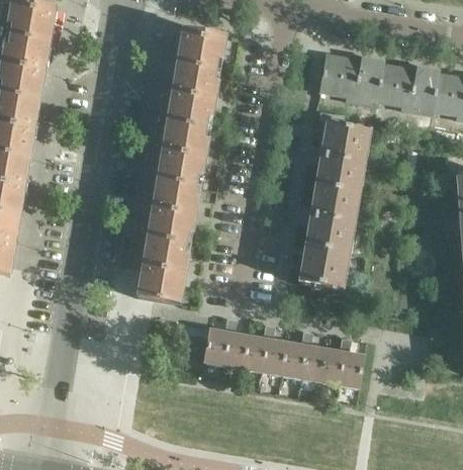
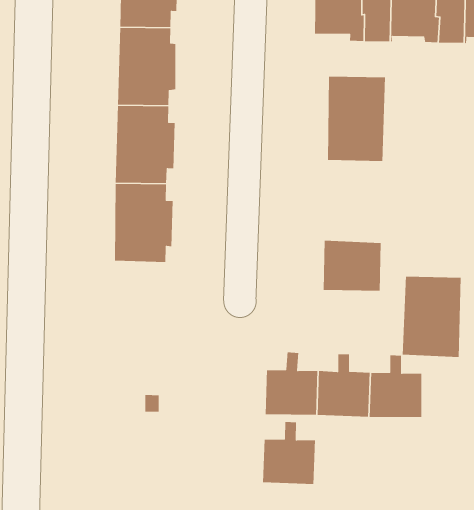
building: [305,186,358,253] -> [402,276,461,358]
building: [137,238,188,303] -> none
building: [204,317,249,368] -> [262,421,316,485]

